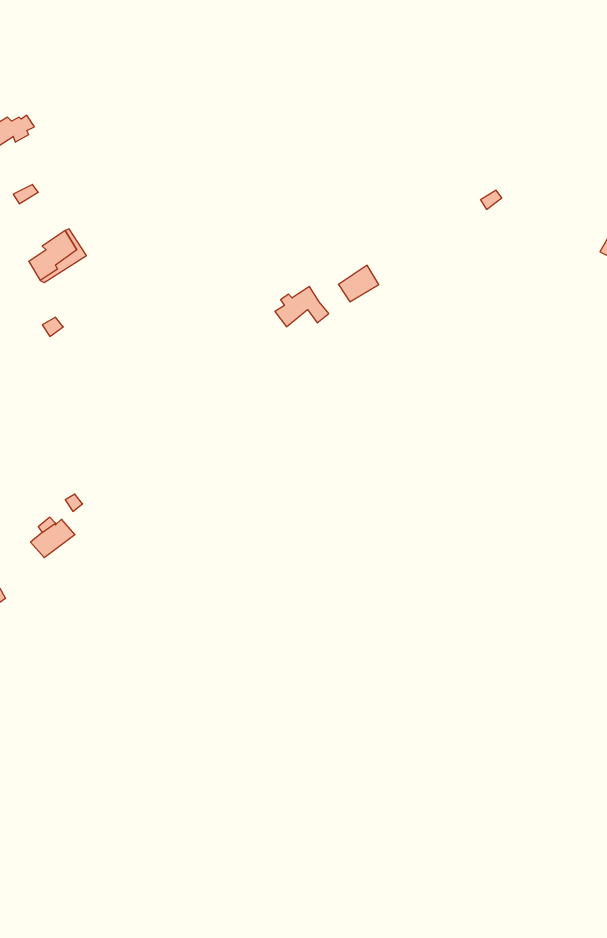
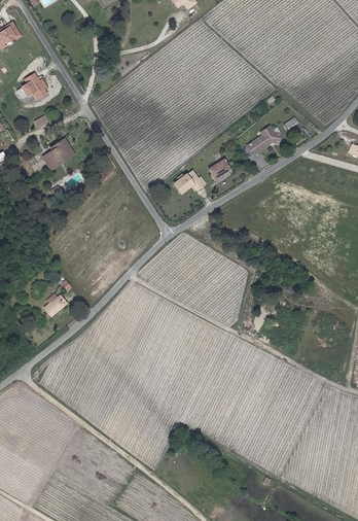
building: none -> [247,126,280,154]

